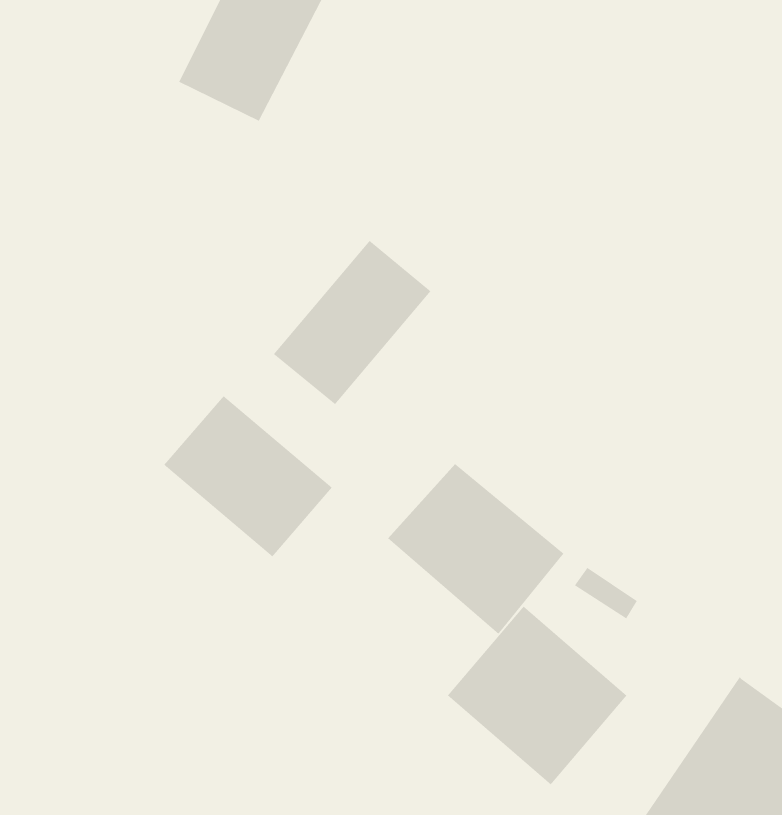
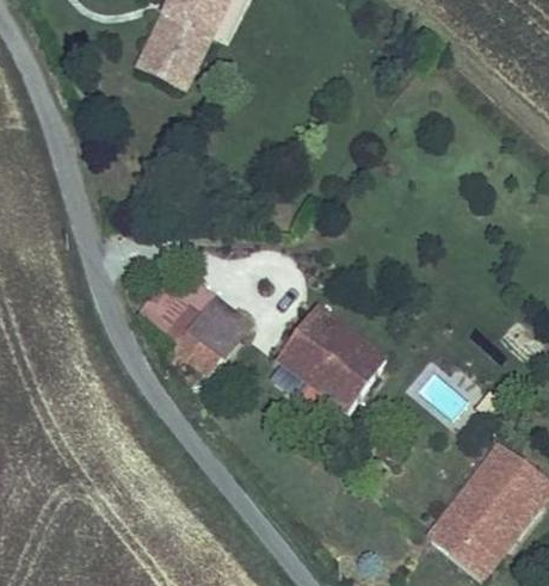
building: [273,240,432,405] -> none
building: [447,605,627,786] -> none

